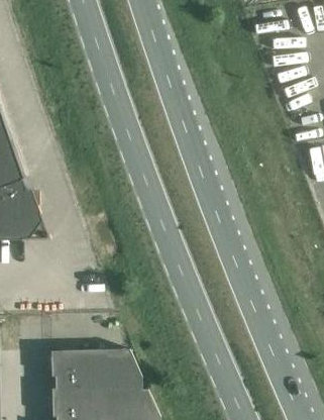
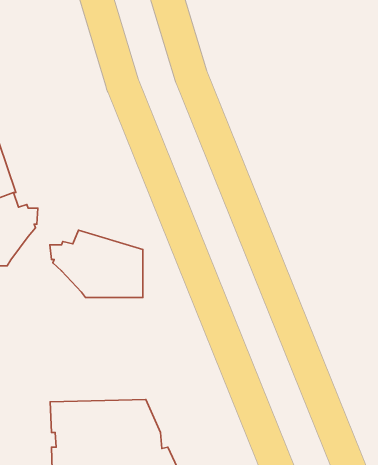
building: none -> [50,230,143,298]

